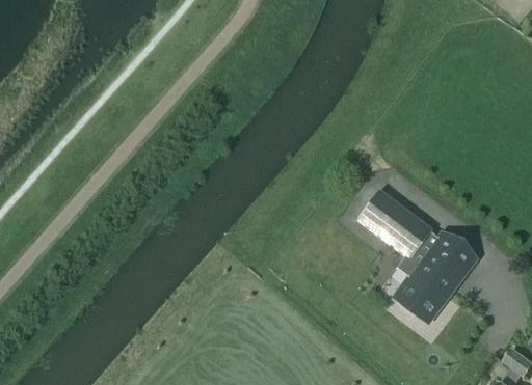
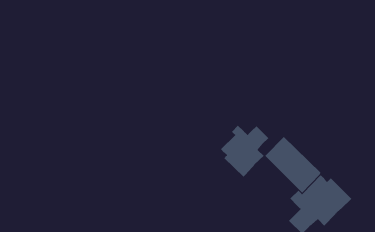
building: none -> [220,125,269,178]

